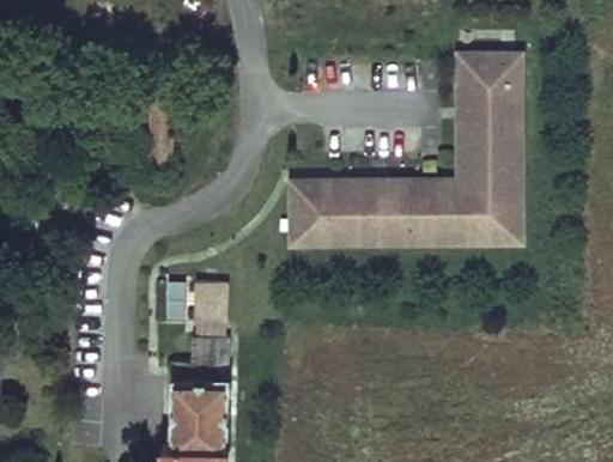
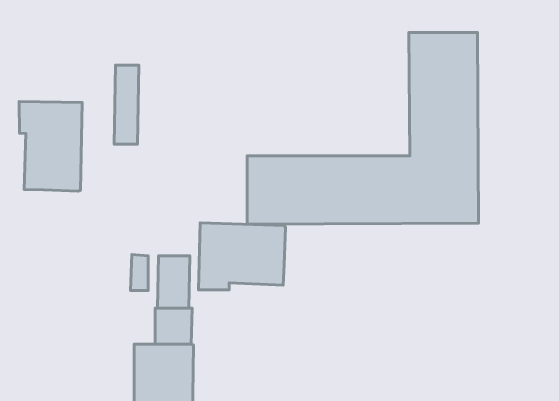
building: none -> [19,102,82,191]
building: none -> [199,223,285,290]

